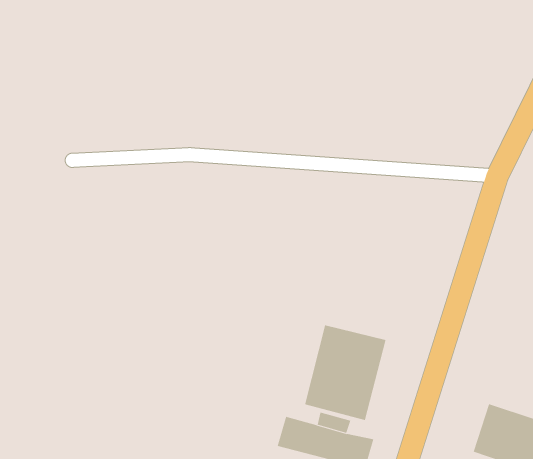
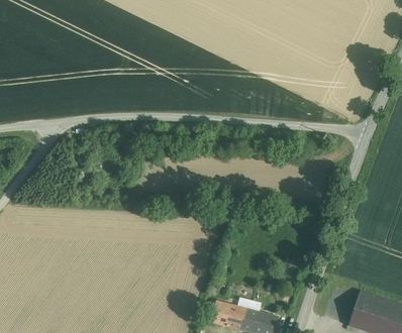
building: [305,325,386,421] -> none

